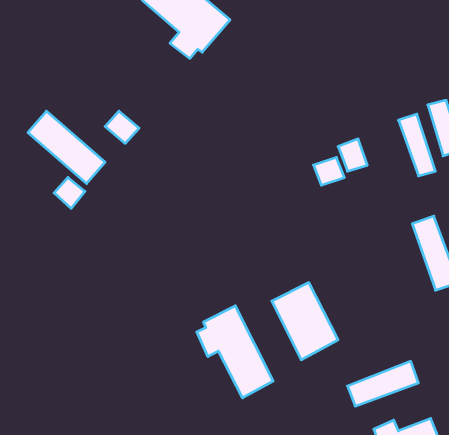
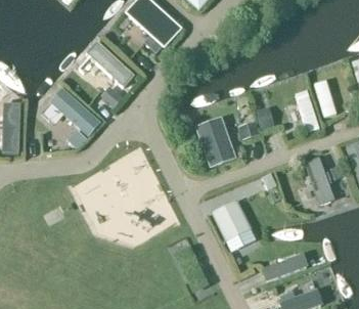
building: none -> [86,40,135,86]
building: none -> [195,116,235,165]
building: [197,306,273,398] -> none

